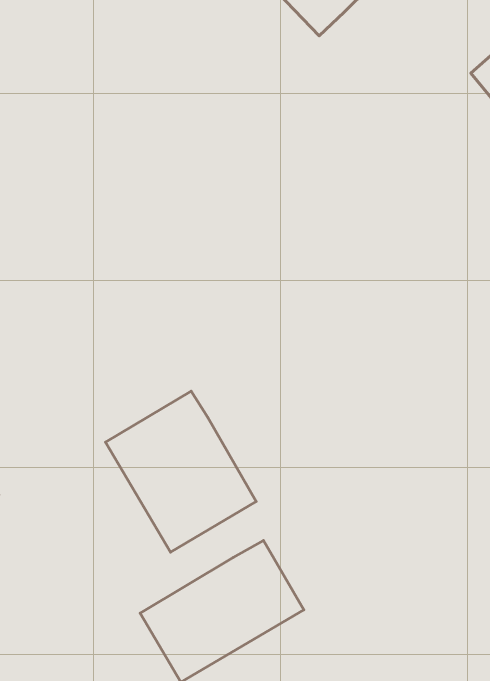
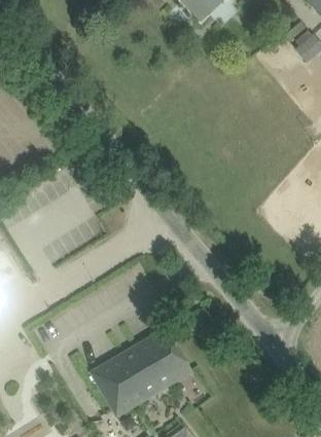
building: [106,391,256,552] -> none

